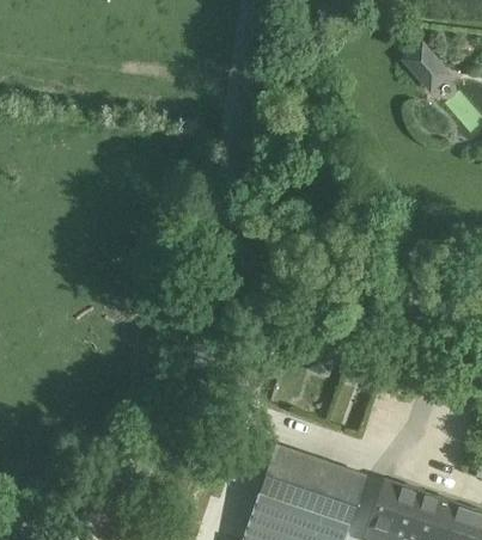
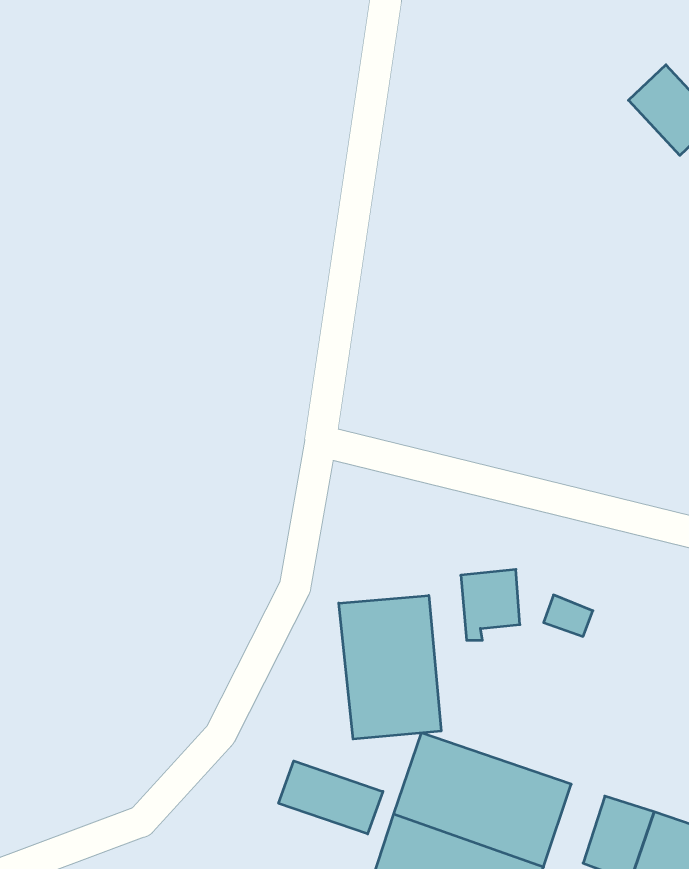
building: none -> [339,595,441,739]
building: none -> [279,761,383,834]

